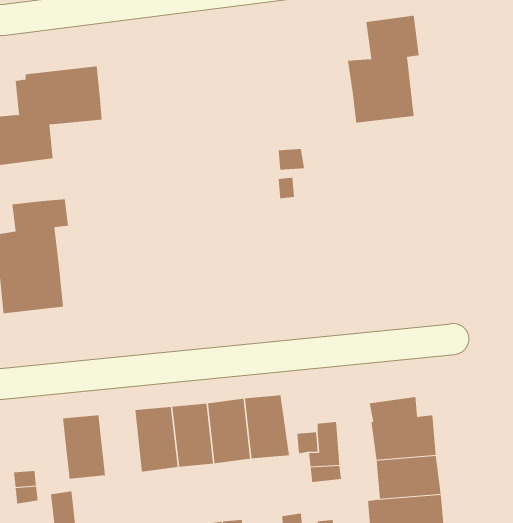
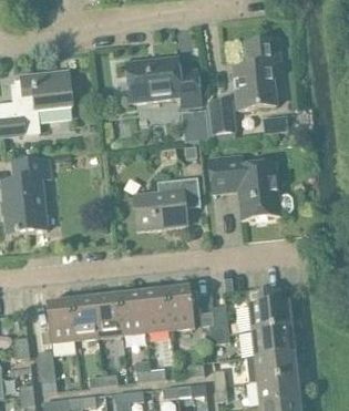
building: none -> [125,58,201,104]
building: none -> [211,100,236,133]
building: none -> [209,155,280,219]
building: none -> [133,177,201,230]
building: none -> [70,297,97,340]

